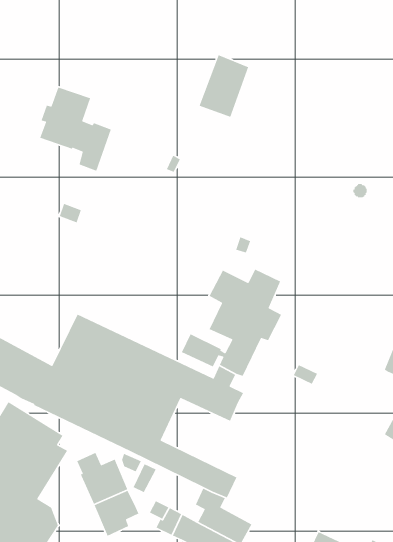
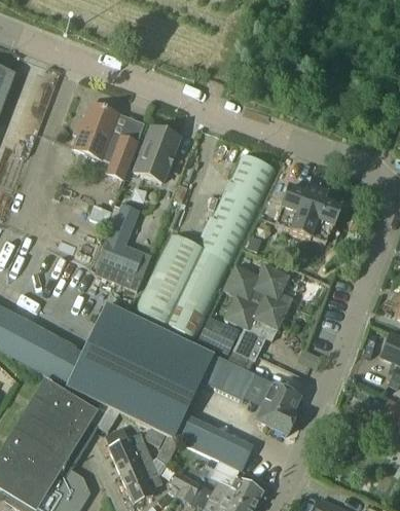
building: [199,54,249,118] -> [134,123,179,180]
building: none -> [134,152,277,336]
building: none -> [275,182,341,243]
building: none -> [95,202,152,289]
building: none -> [250,374,300,434]

